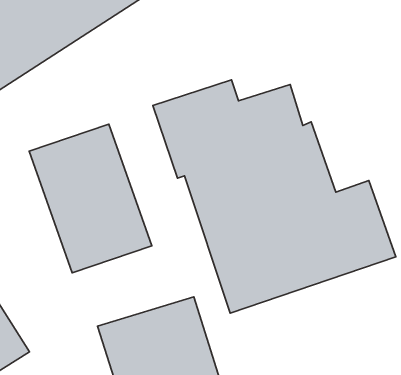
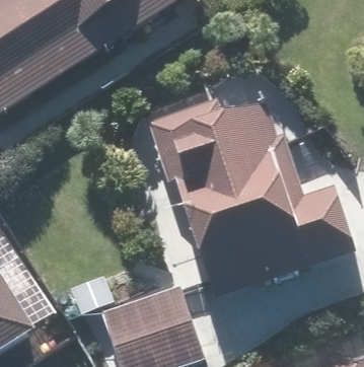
building: [29,124,152,273] -> none

